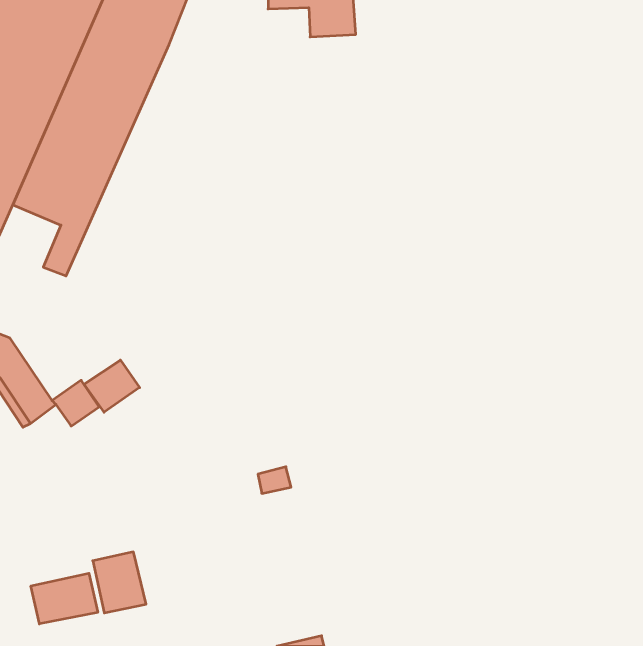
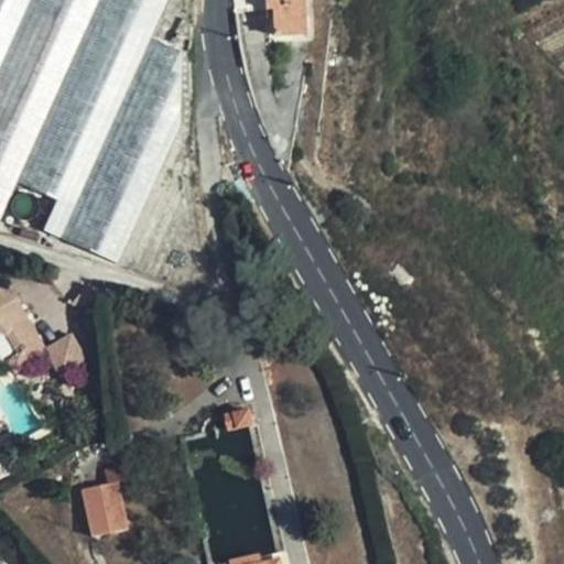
building: none -> [57,39,176,265]
building: [84,360,140,412] -> none
building: [31,573,98,624] -> none

